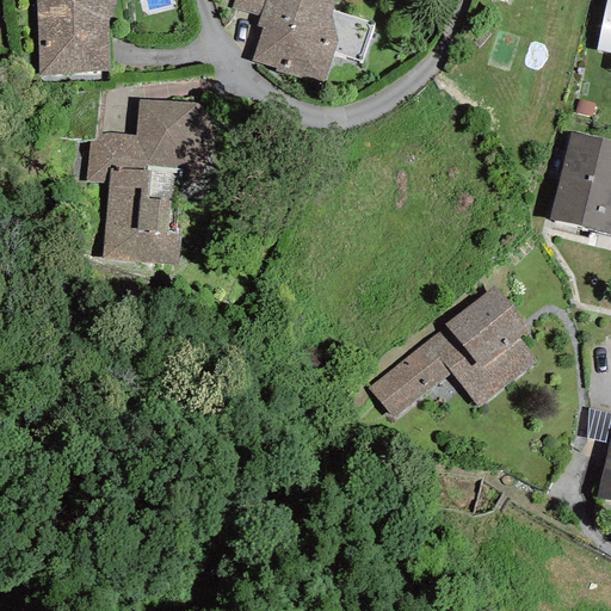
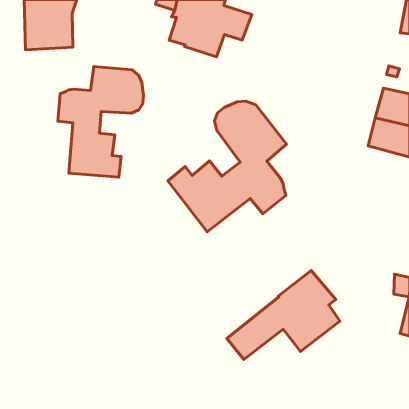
building: none -> [168,101,286,232]
building: [369,285,537,418] -> [227,270,340,360]

